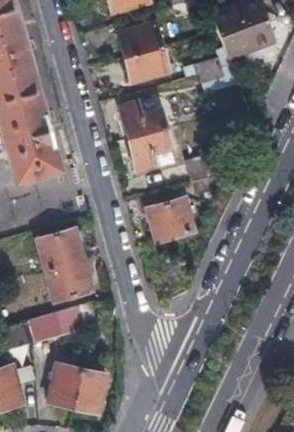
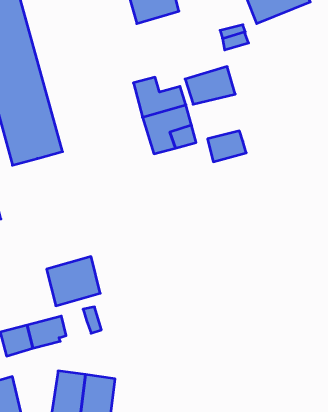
building: [124,47,168,80] -> [185,67,235,104]
building: [148,199,195,241] -> none
building: [37,230,84,273] -> none

